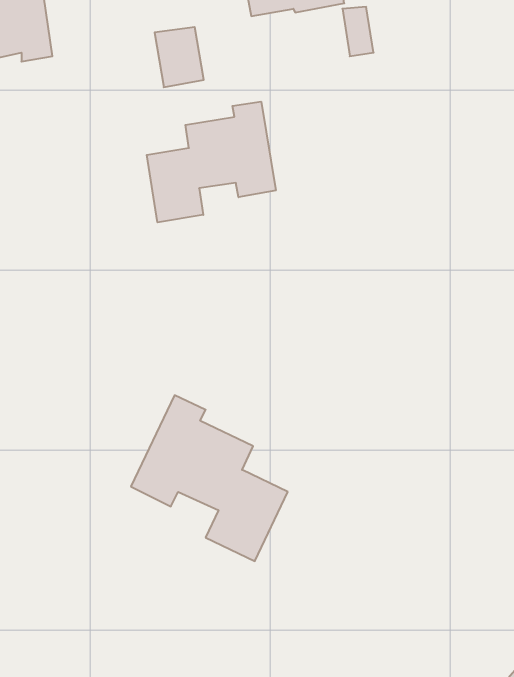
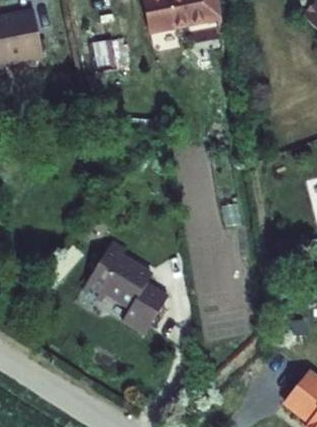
building: [147,102,276,222] -> none

